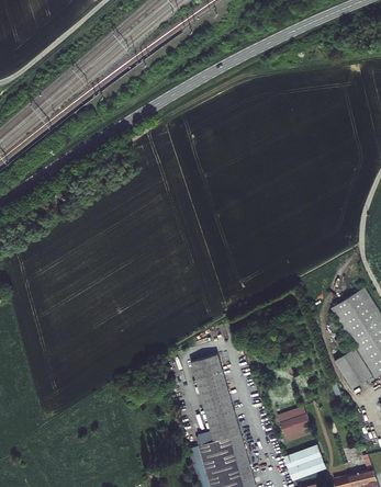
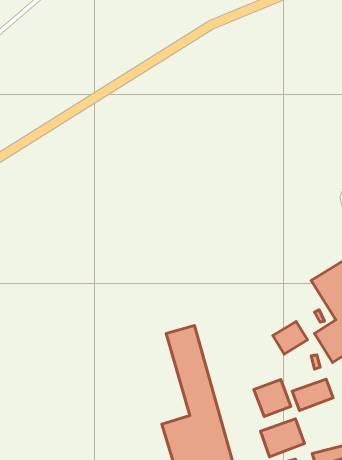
building: none -> [273,322,307,354]
building: none -> [292,379,333,410]

